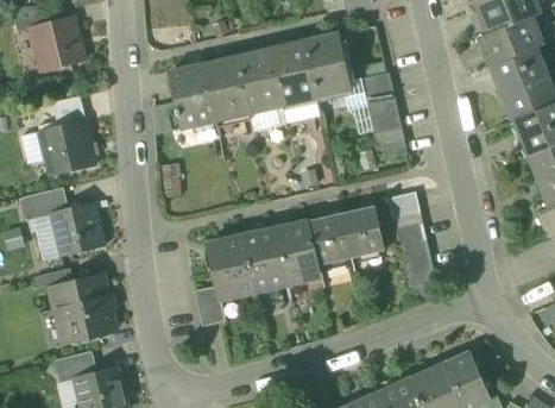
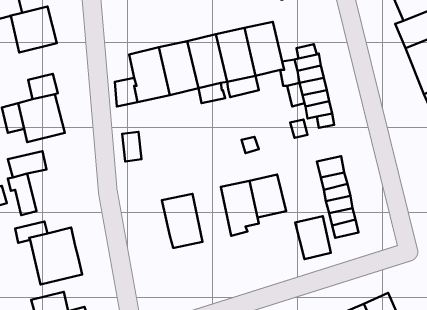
building: [50,201,105,256] -> none
building: [341,206,383,256] -> [295,216,331,259]
building: [242,227,288,291] -> none
building: [196,284,226,326] -> none

